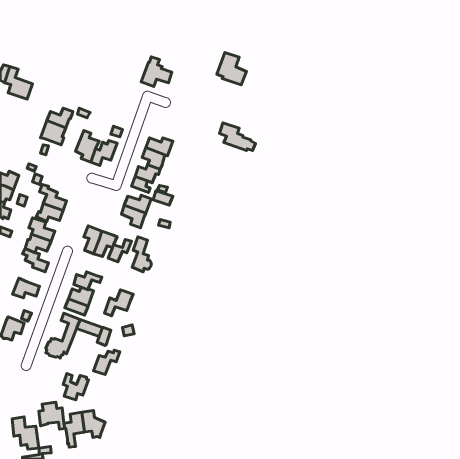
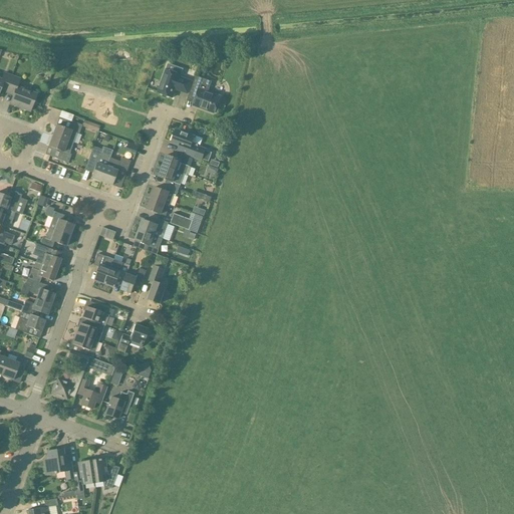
building: [217,53,246,85] -> [187,75,220,111]
building: [219,123,255,151] -> [172,130,212,161]
building: none -> [21,298,50,319]
building: [63,374,88,400] -> [78,379,106,409]
building: [12,417,39,449] -> none

